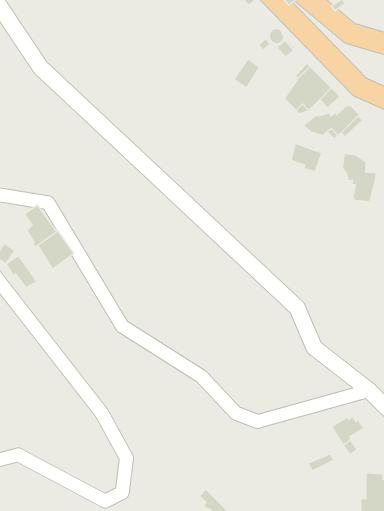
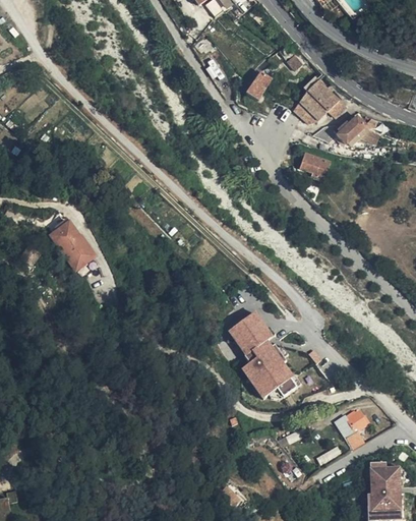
building: [343,154,376,202] -> none
building: [6,255,37,287] -> none
building: none -> [228,309,299,397]

